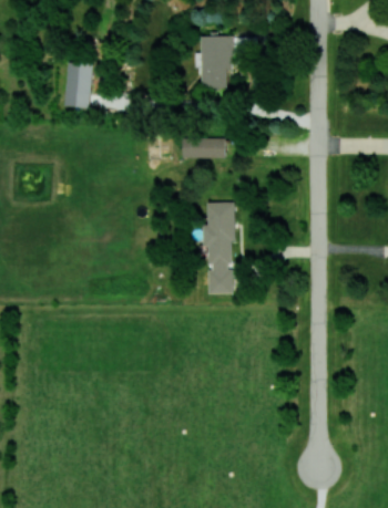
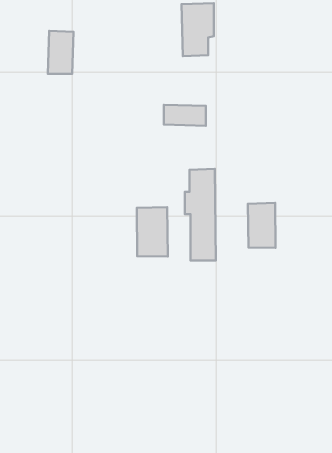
building: none -> [248,203,276,248]
building: none -> [137,207,168,257]

